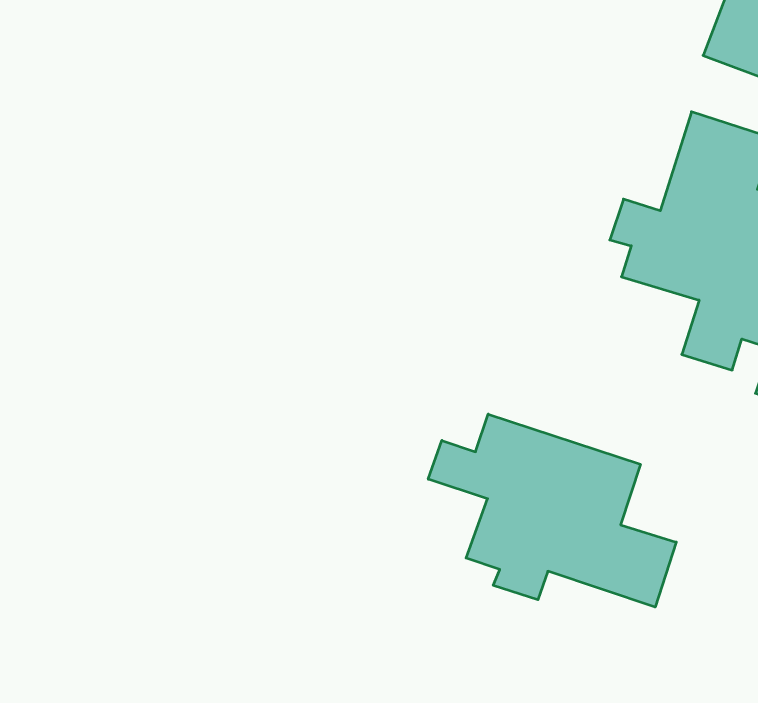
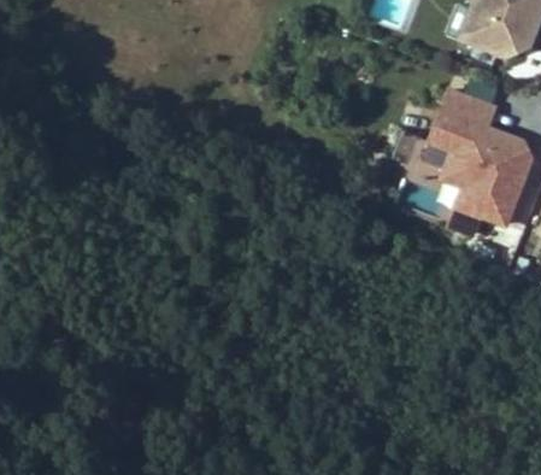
building: [428,414,676,607] -> none

